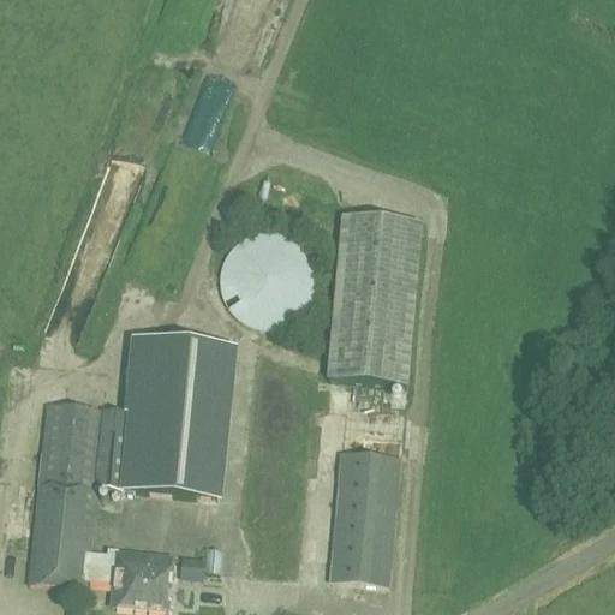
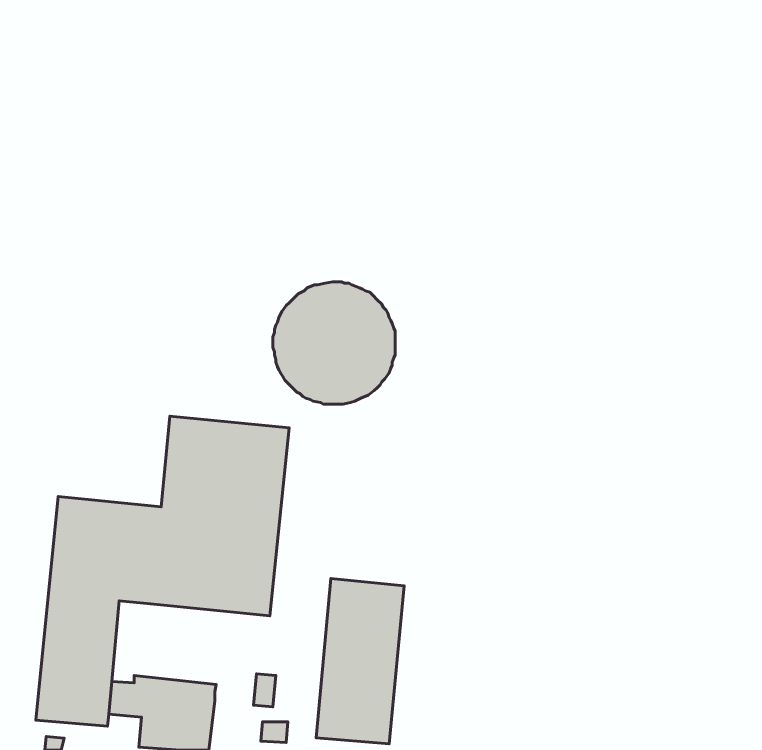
building: [328,211,423,382] -> none
building: [330,449,401,583] -> [316,578,404,744]

